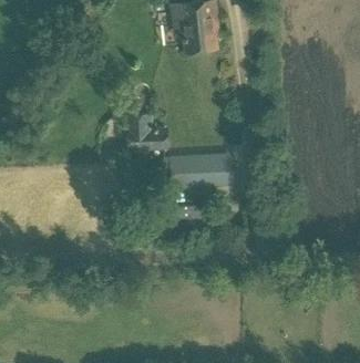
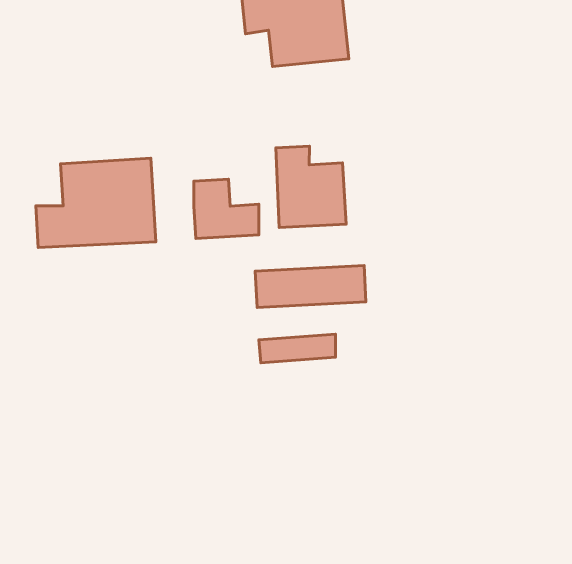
building: none -> [276,146,346,228]
building: none -> [36,158,156,248]

